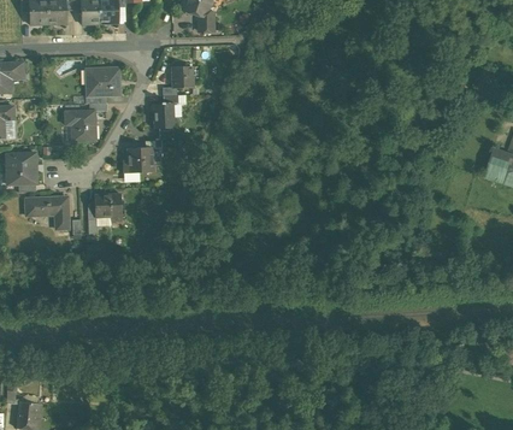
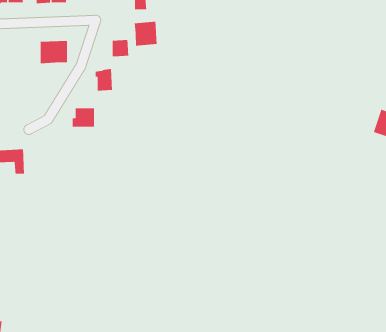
building: none -> [134,21,157,46]
building: [64,108,95,140] -> none
building: [94,193,120,214] -> none

